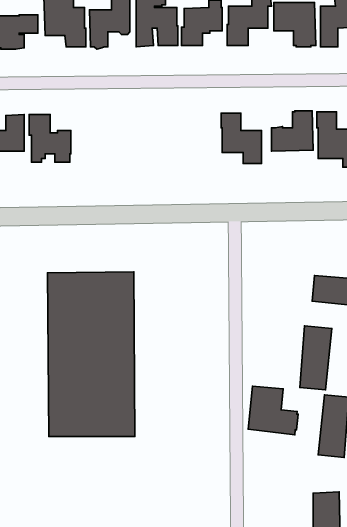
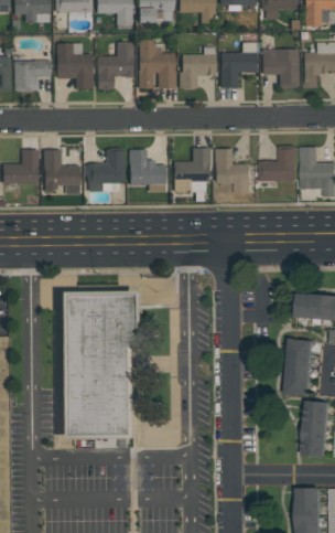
building: none -> [84,147,125,190]
building: none -> [174,147,210,201]
building: none -> [129,149,165,191]
building: [248,386,298,435] -> none

